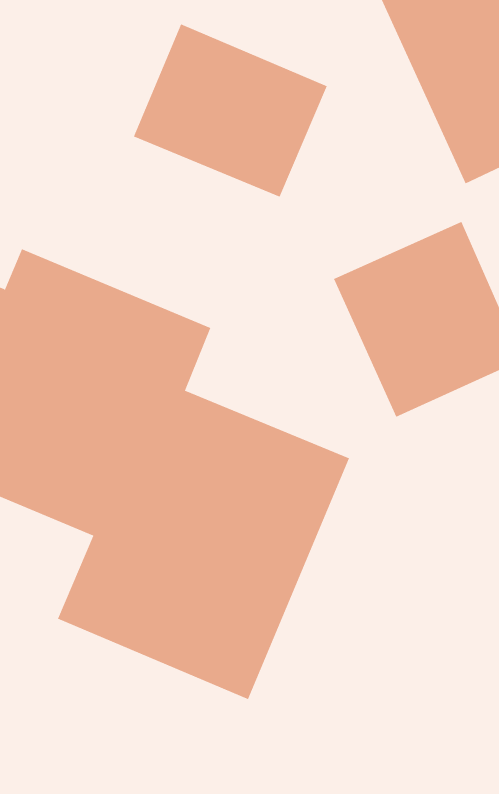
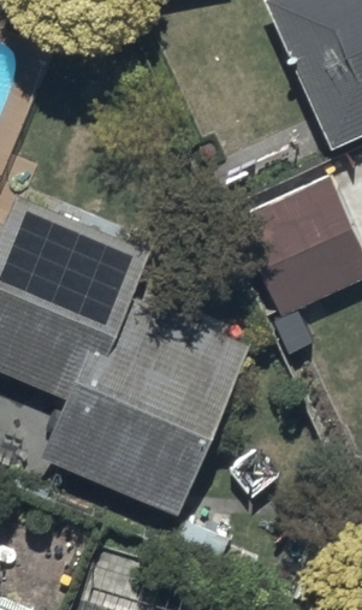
building: [133,23,328,198] -> none

